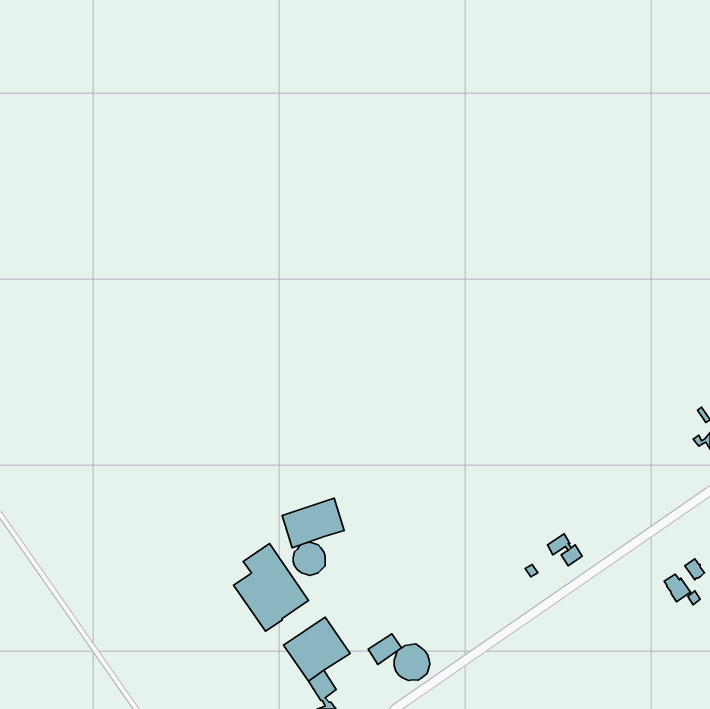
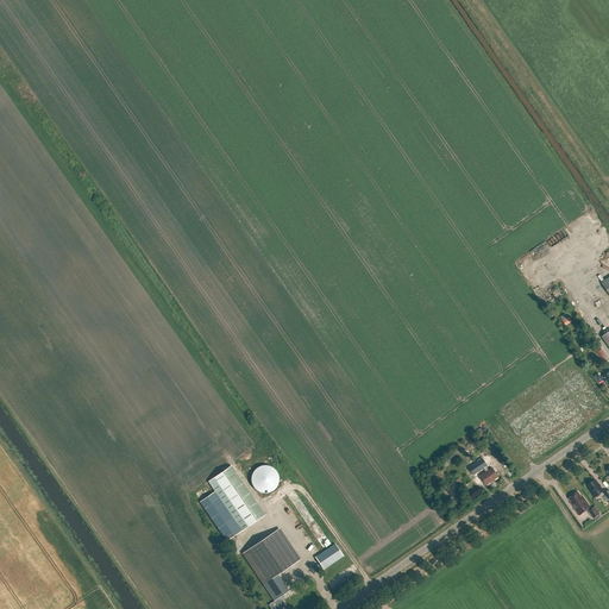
building: [282,498,344,548] -> none
building: [394,644,430,680] -> none

